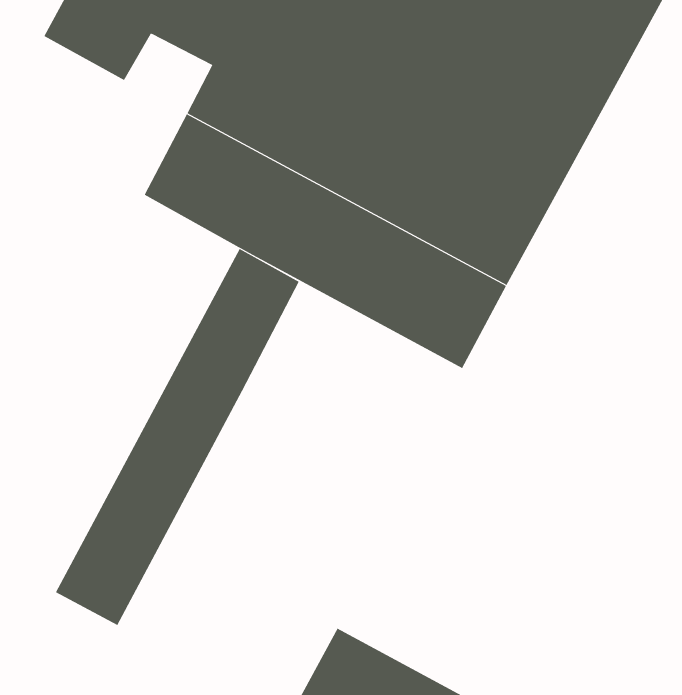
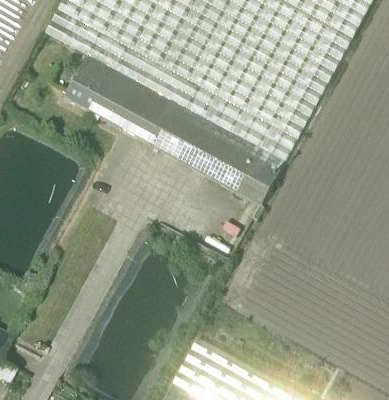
building: none -> [65,29,132,112]
building: [55,248,300,626] -> none

